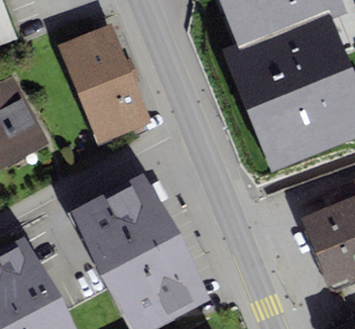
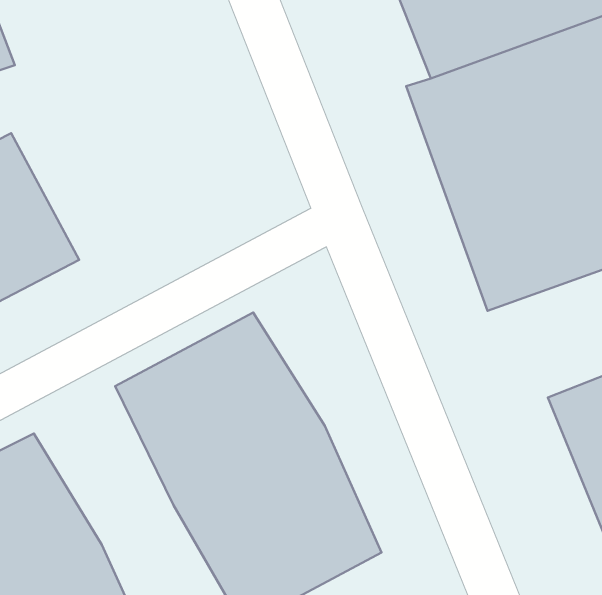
building: [57,23,151,144] -> none

